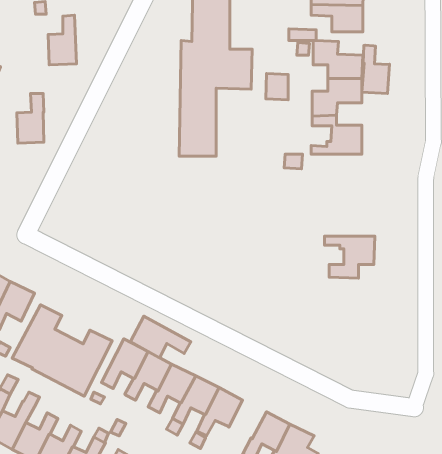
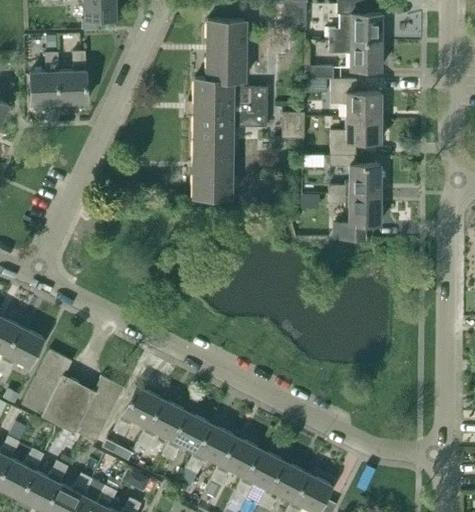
building: [362,45,390,93] -> none
building: [17,94,44,143] -> [31,53,59,104]
building: [324,236,375,278] -> [329,195,381,238]
building: [130,316,191,357] -> none
building: none -> [234,448,283,498]

